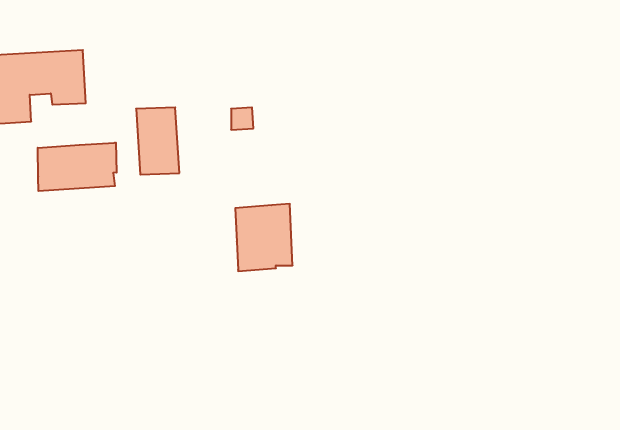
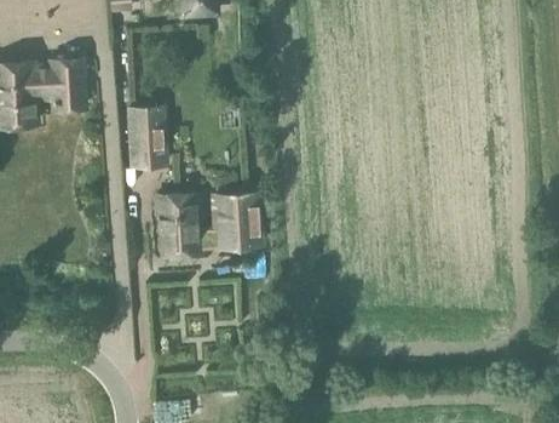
building: [38,143,117,191] -> none
building: none -> [152,200,215,253]

